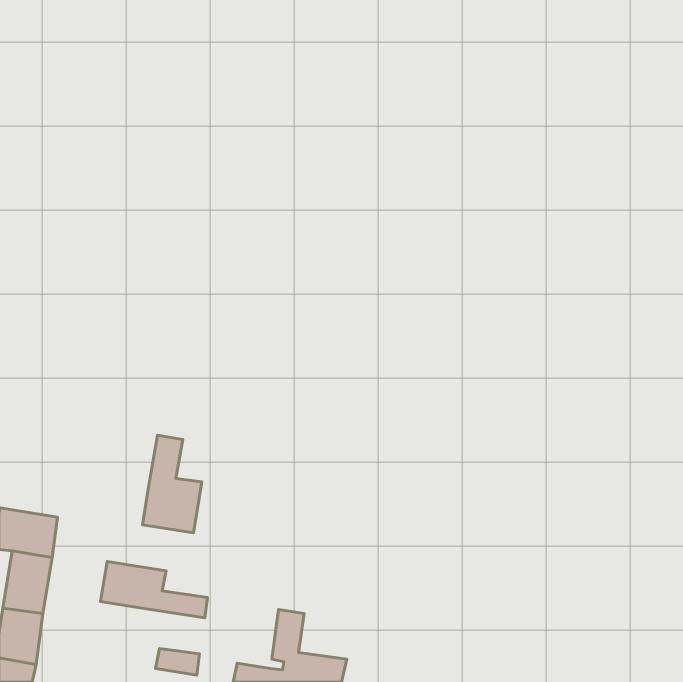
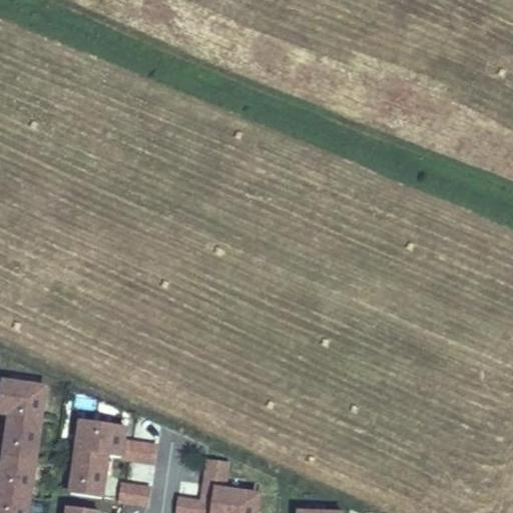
building: [143,435,202,533] -> none
building: none -> [69,450,106,498]

